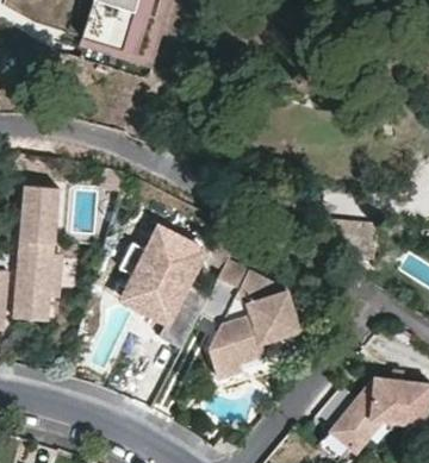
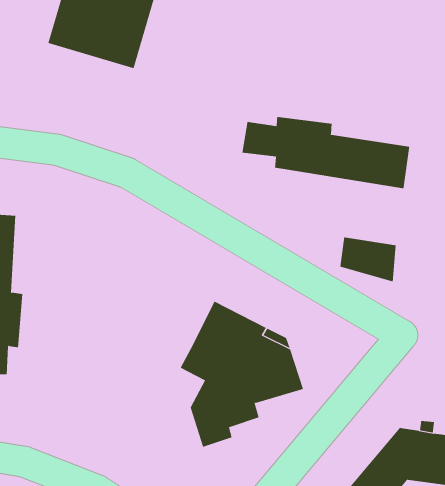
building: none -> [242,116,410,189]
building: [116,233,203,358] -> none

